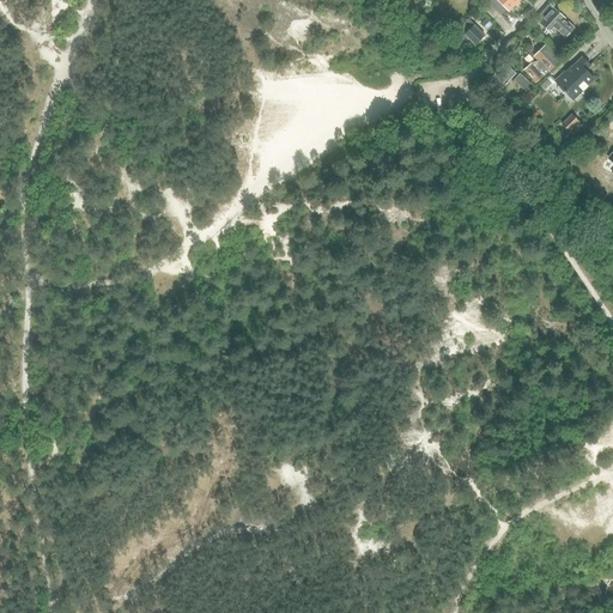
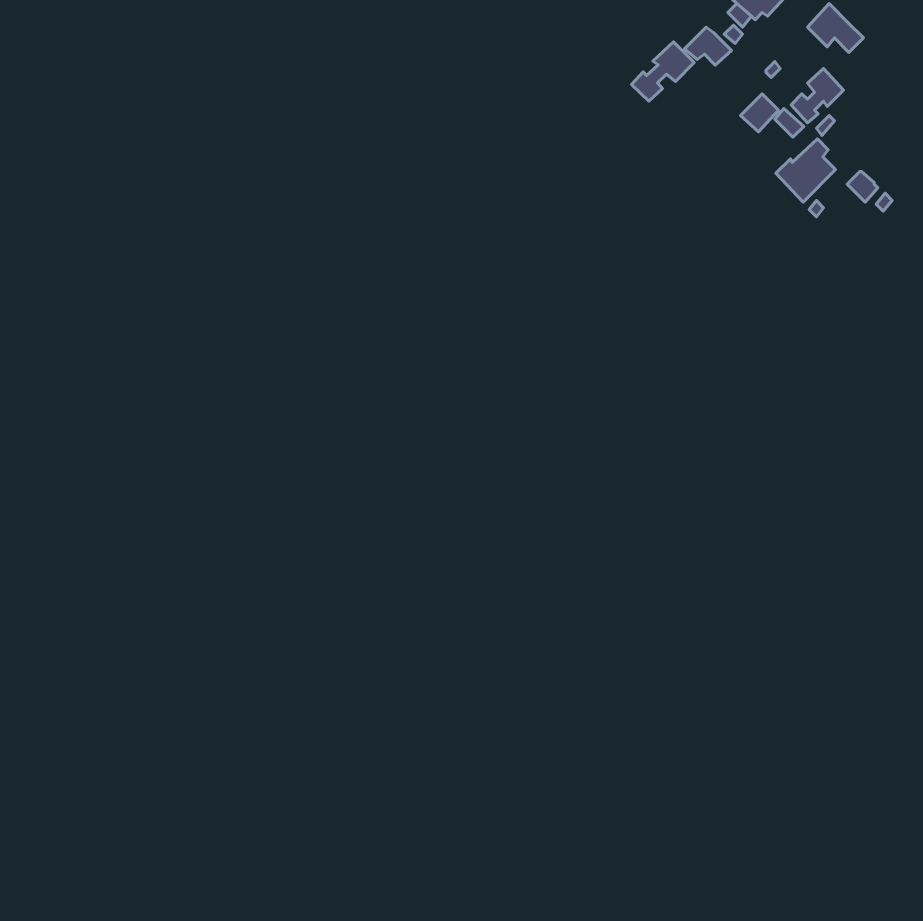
building: none -> [631,42,694,101]
building: [556,57,595,99] -> [776,139,836,202]

